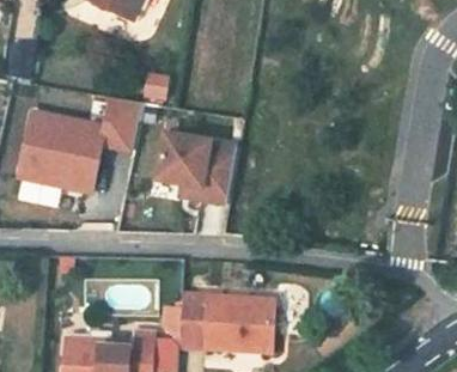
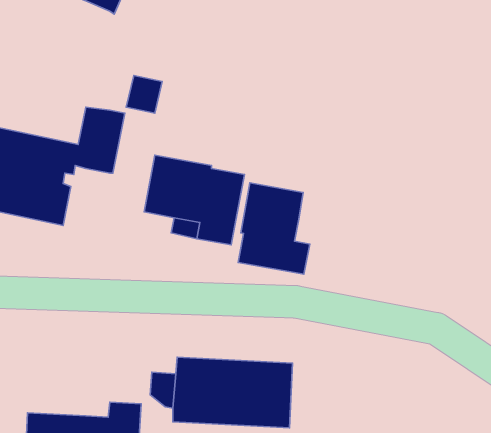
building: none -> [238,183,310,274]

